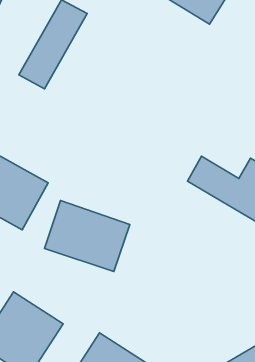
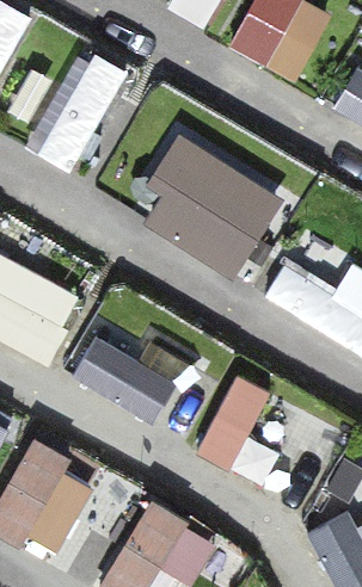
building: none -> [133,144,283,279]
building: none -> [192,372,270,481]

